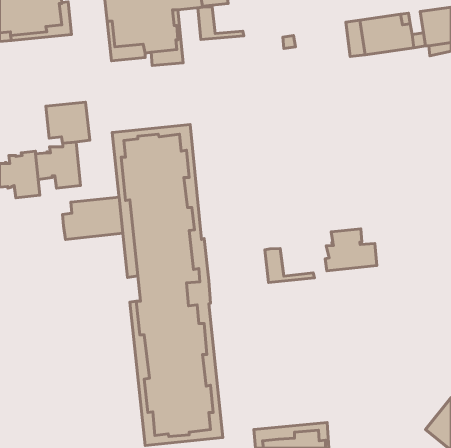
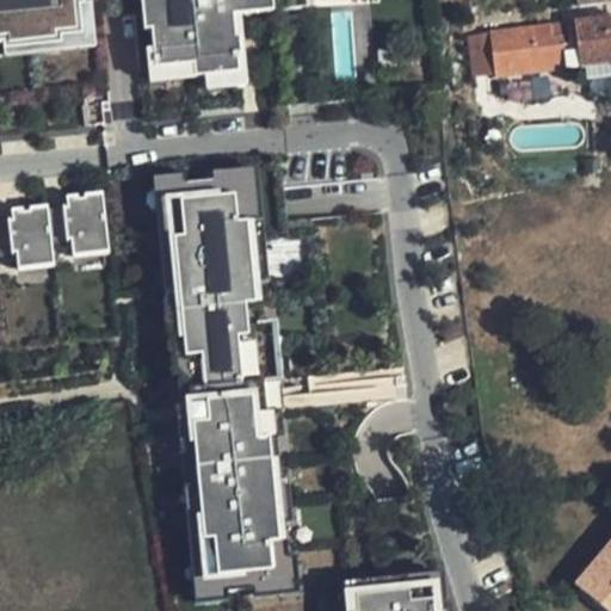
building: [198,7,244,40] -> none
building: [46,102,90,143] -> none
building: [63,197,123,240] -> none
building: [325,229,377,271] -> none
building: [265,249,314,283] -> none

